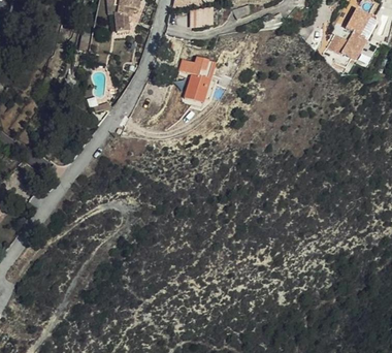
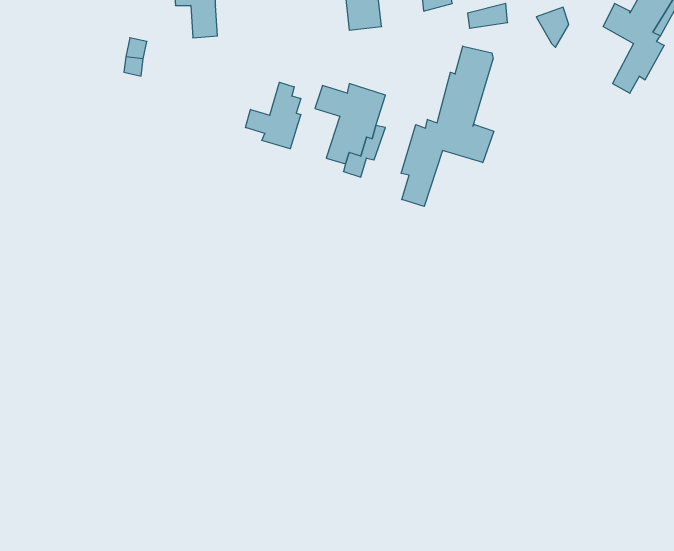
building: none -> [401,46,494,206]
building: none -> [246,82,301,149]

